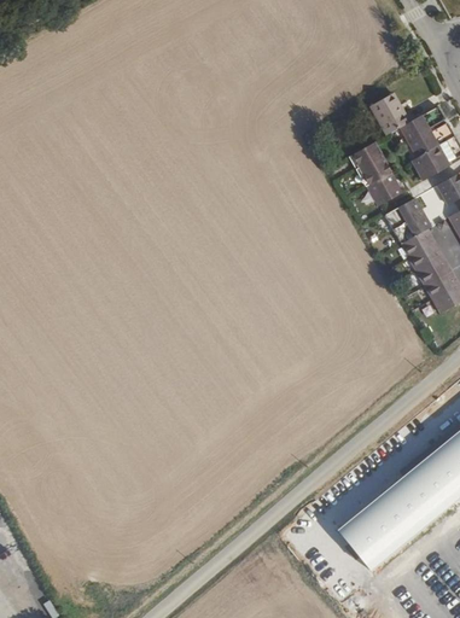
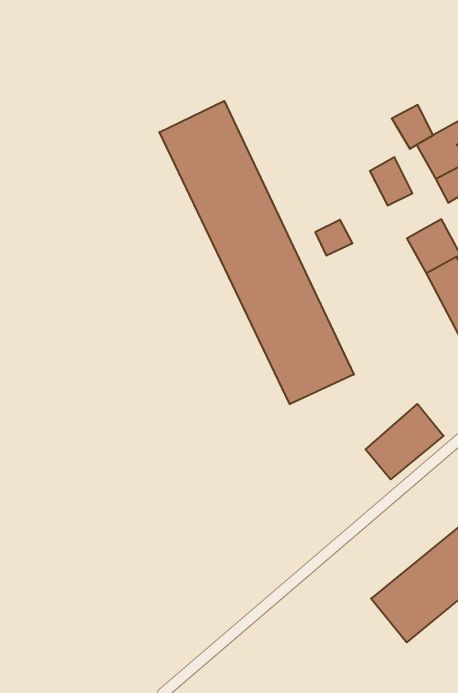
building: none -> [159,101,354,404]
building: [362,170,395,202] -> [315,220,353,256]
building: none -> [366,404,444,479]

